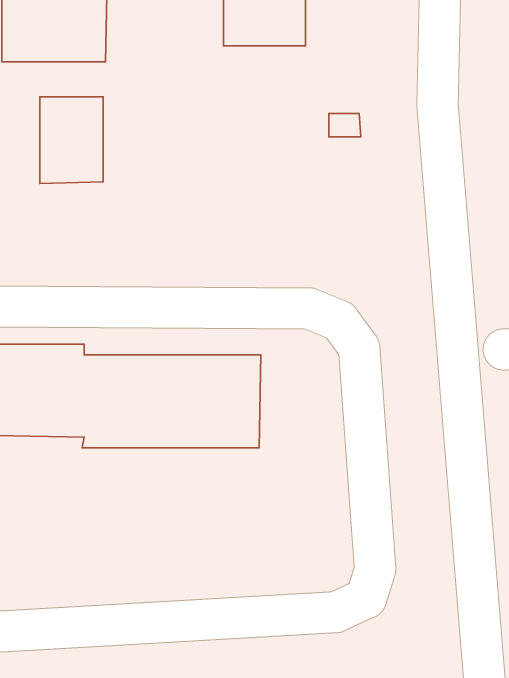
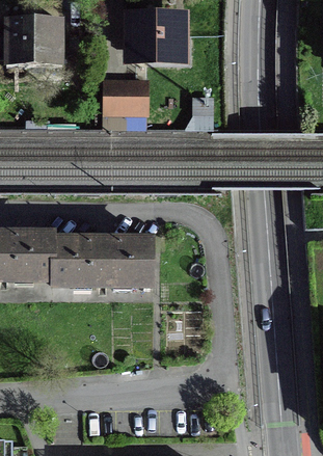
building: none -> [106,79,146,111]
building: [40,97,103,183] -> none

